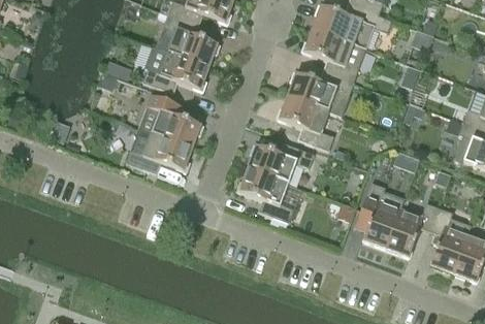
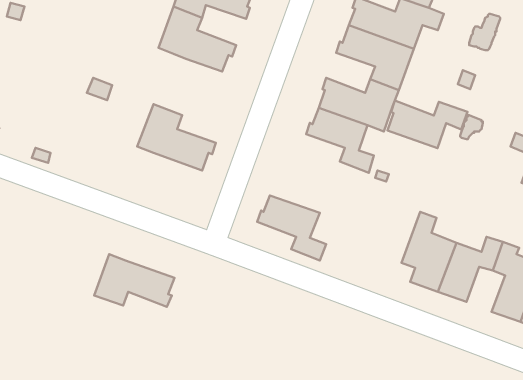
building: [143,52,208,90] -> none
building: [126,128,192,171] -> [94,254,174,307]
building: [248,143,314,183] -> [387,101,468,148]

